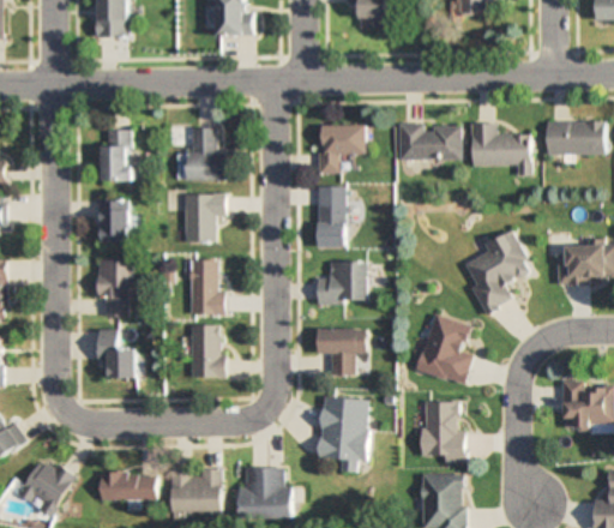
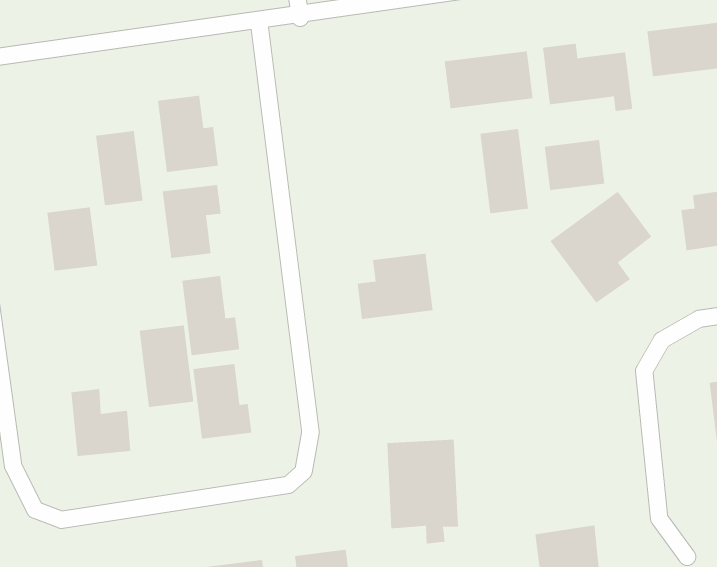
building: [318,124,366,172] -> none
building: [103,130,132,181] -> [95,130,143,206]
building: [317,186,345,245] -> [479,129,529,214]
building: none -> [544,139,605,191]
building: [98,259,132,316] -> [139,325,194,407]
building: [416,313,472,385] -> none
building: [319,329,368,374] -> none
building: [421,401,465,461] -> none

